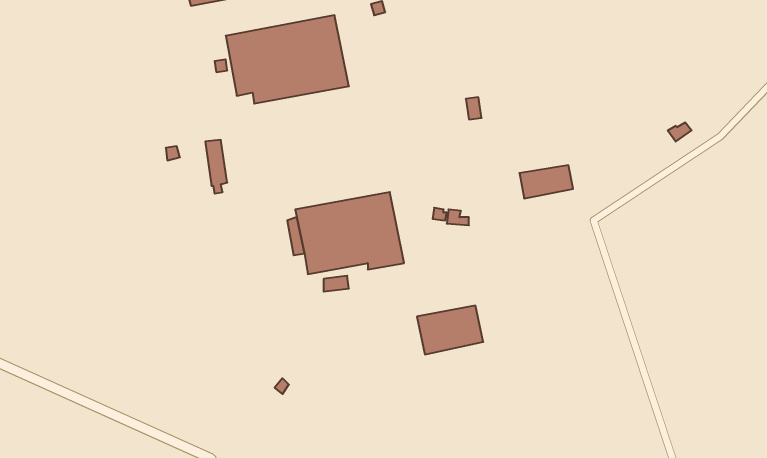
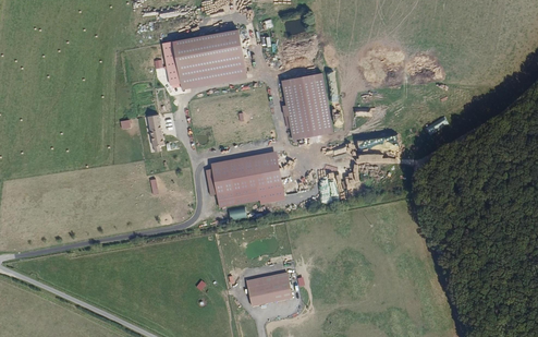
building: none -> [281,72,333,140]
building: [417,306,483,354] -> [247,273,293,306]

